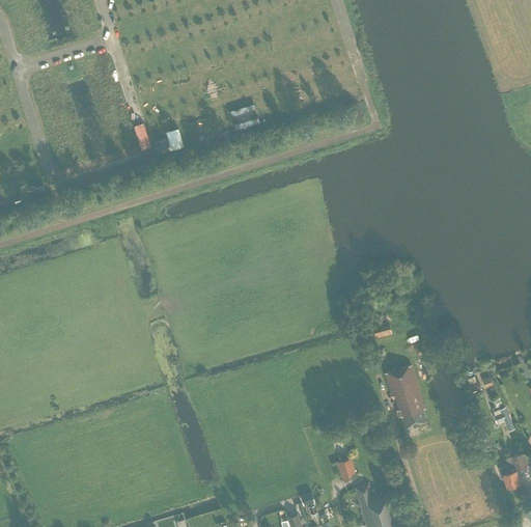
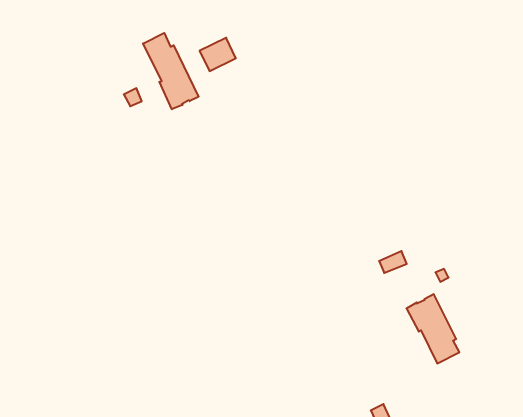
building: none -> [143,33,199,109]

